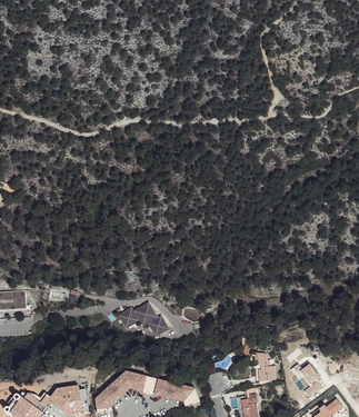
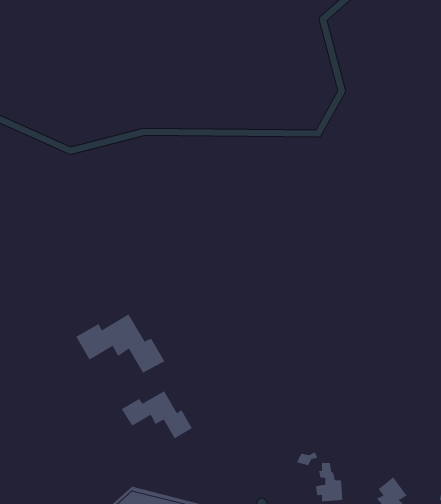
building: none -> [76,313,165,373]

